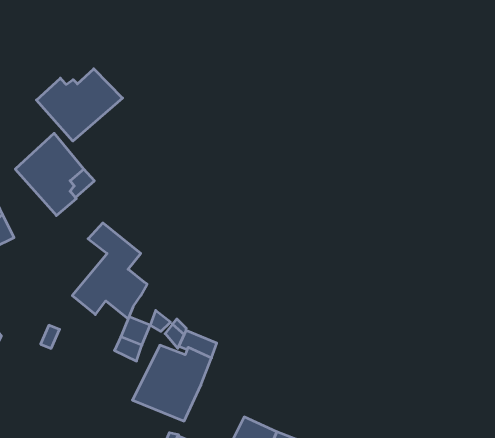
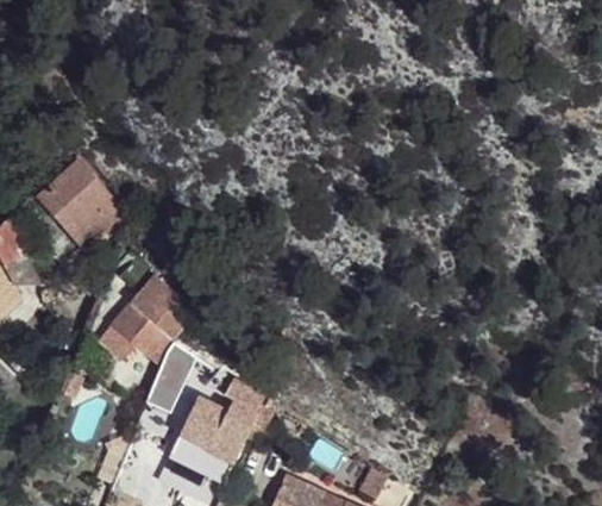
building: [36,69,123,141] -> none

